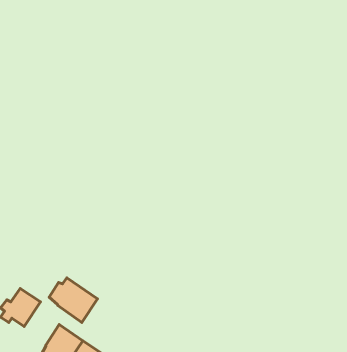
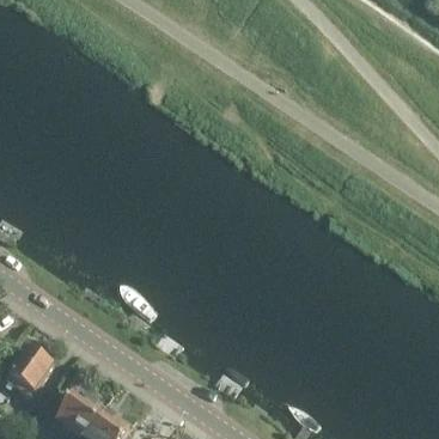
building: [49,278,98,323] -> none

